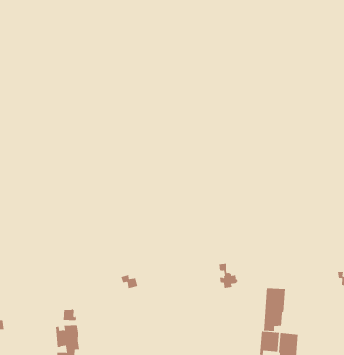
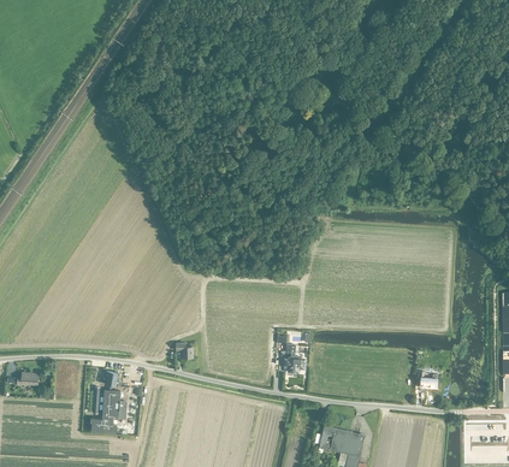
building: [263,288,285,332] -> none

